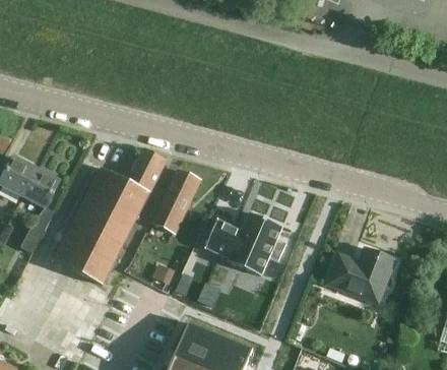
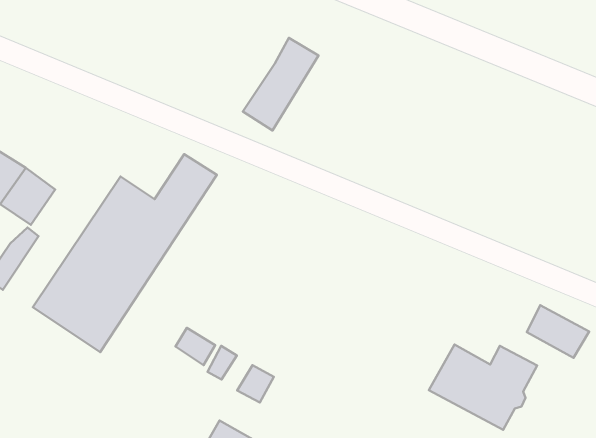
building: [153,170,199,233] -> [243,38,319,130]
building: [204,211,283,275] -> none
building: none -> [527,305,589,358]

